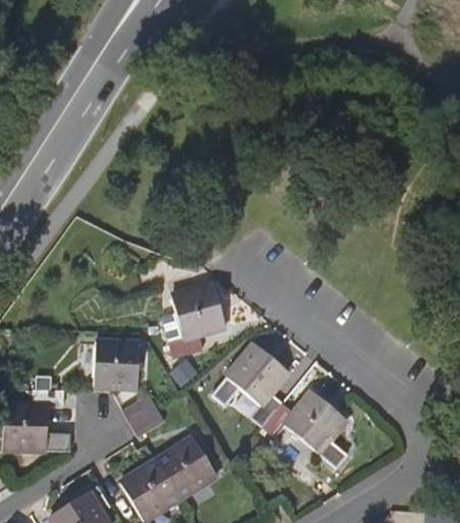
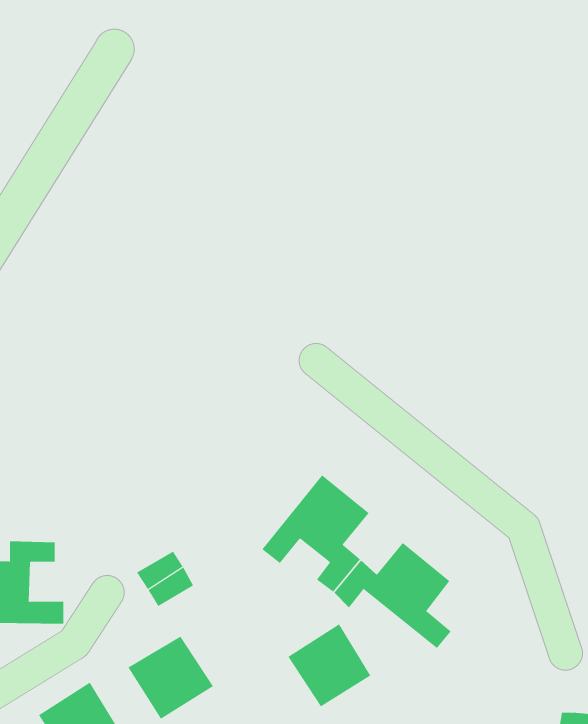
building: [171,282,228,357] -> none
building: [94,344,139,389] -> none
building: [155,435,215,495] -> [287,624,371,707]

